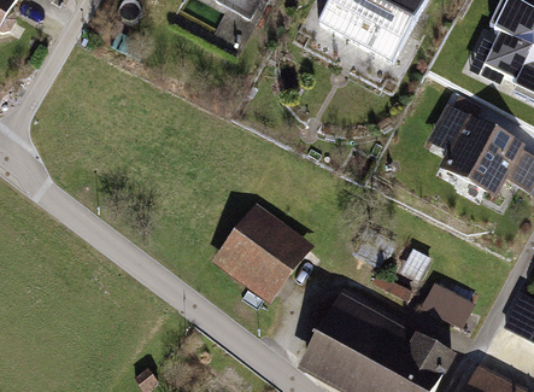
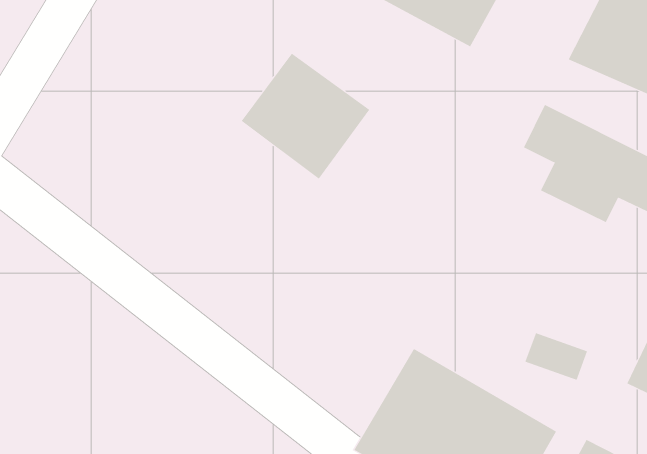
building: [203,197,304,296] -> [241,53,370,179]

